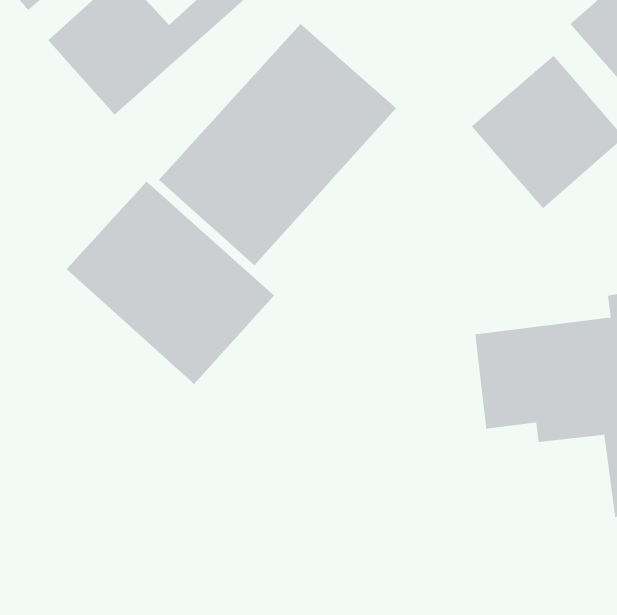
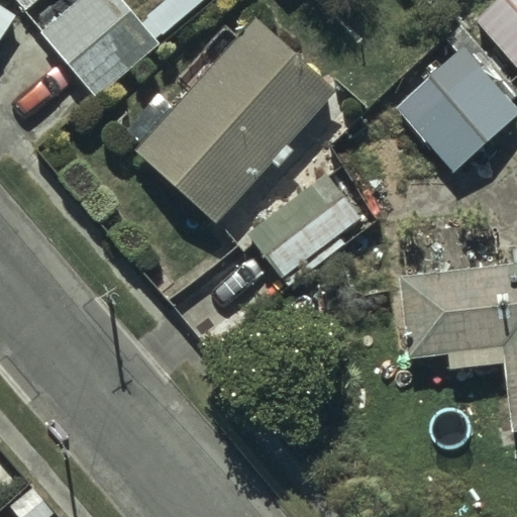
building: [66,181,275,385] -> none
building: none -> [249,171,363,287]

